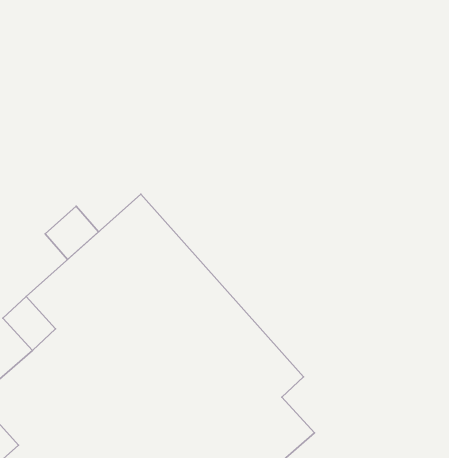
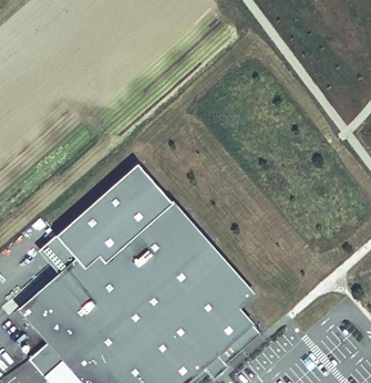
building: [45,206,99,260] -> none

